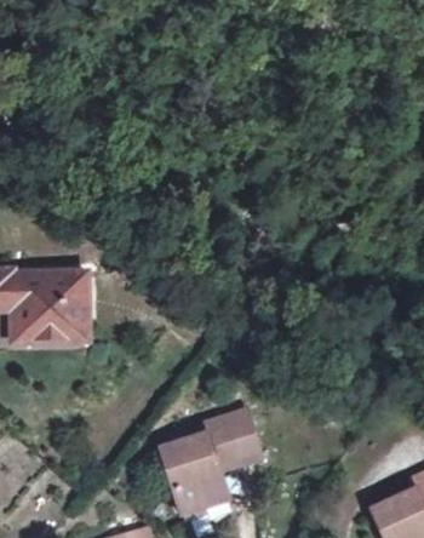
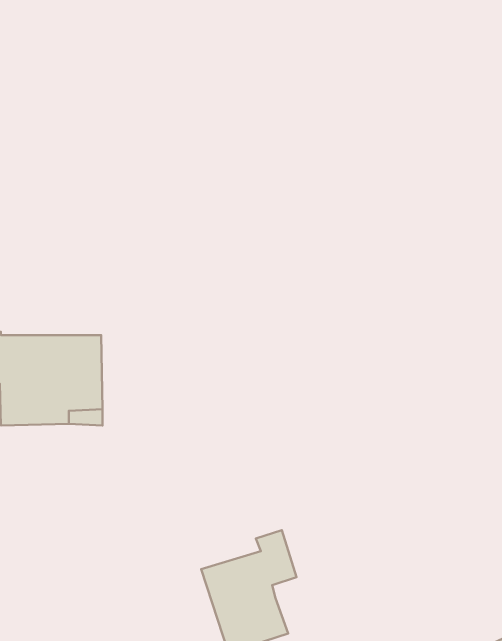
building: [216,412,259,470] -> none

